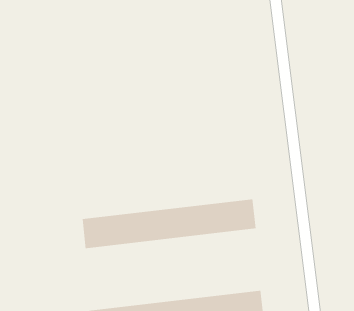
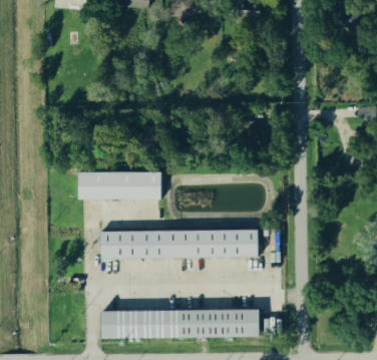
building: none -> [81,170,162,196]

